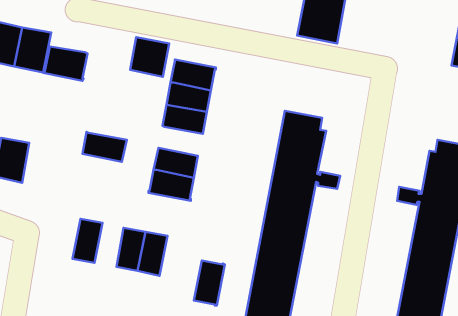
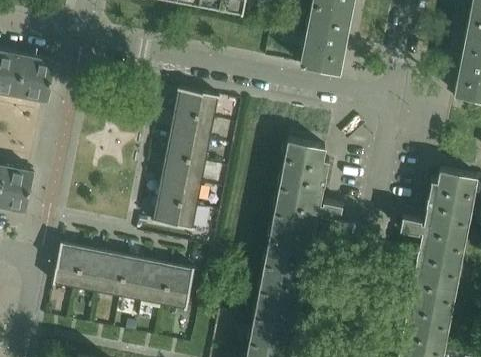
building: [130,37,169,77] -> none
building: [43,46,87,81] -> none
building: [83,132,127,162] -> [163,155,207,185]
building: none -> [54,243,85,288]
building: none -> [99,252,128,296]
building: [194,260,225,305] -> [164,265,195,310]

